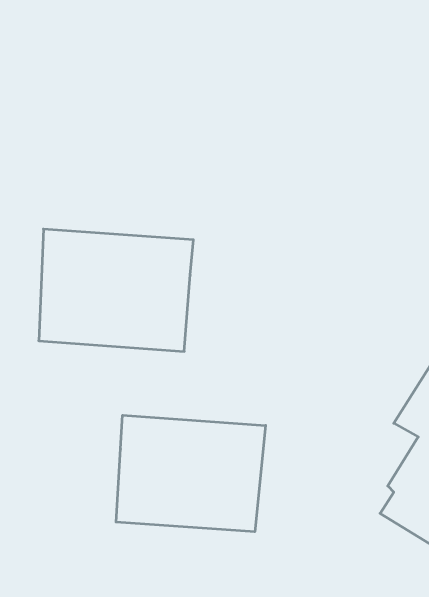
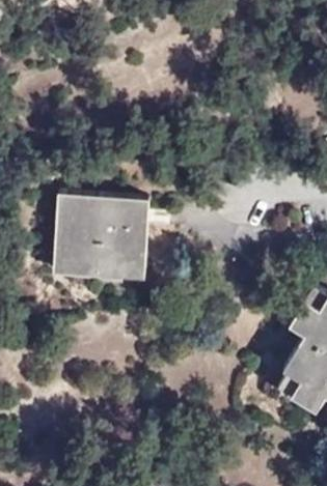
building: [116,415,266,532] -> none

